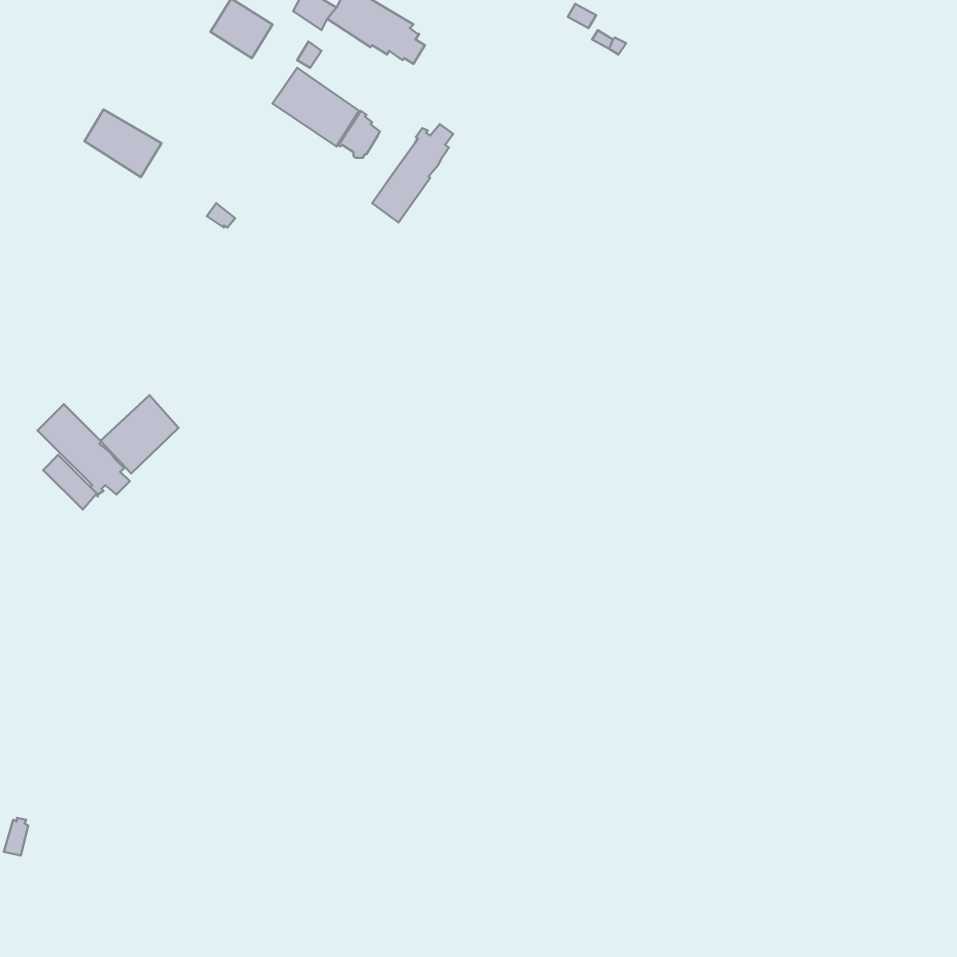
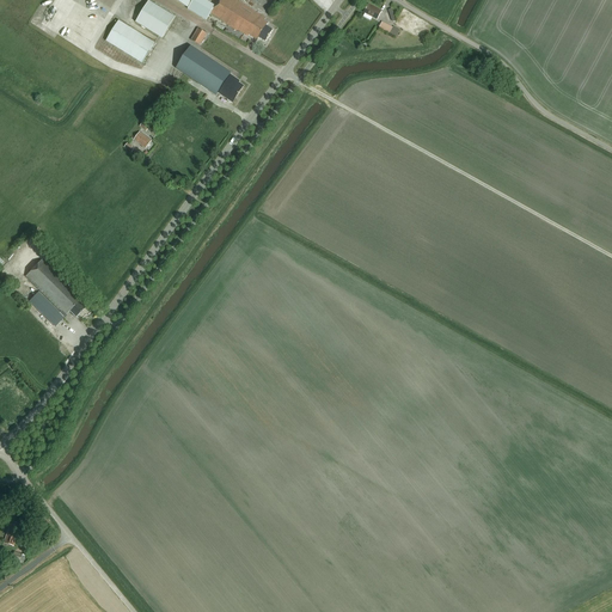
building: [85,109,162,177] -> [104,19,153,62]
building: [372,124,453,223] -> none
building: [100,395,179,473] -> none

